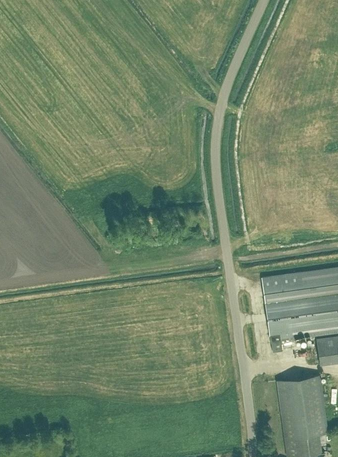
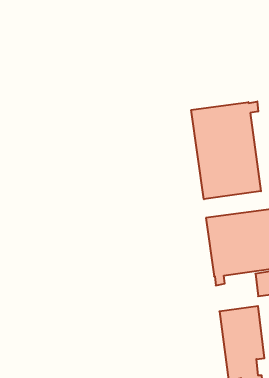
building: none -> [191,101,261,199]

